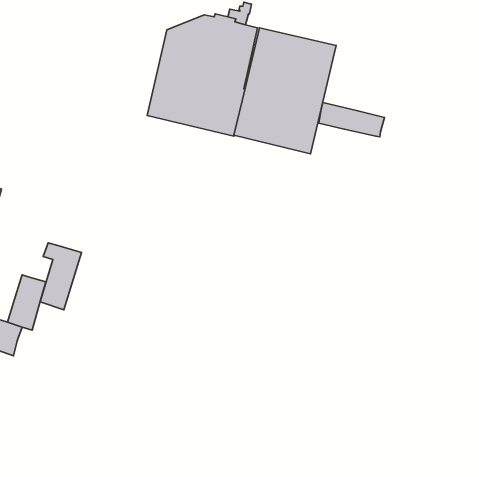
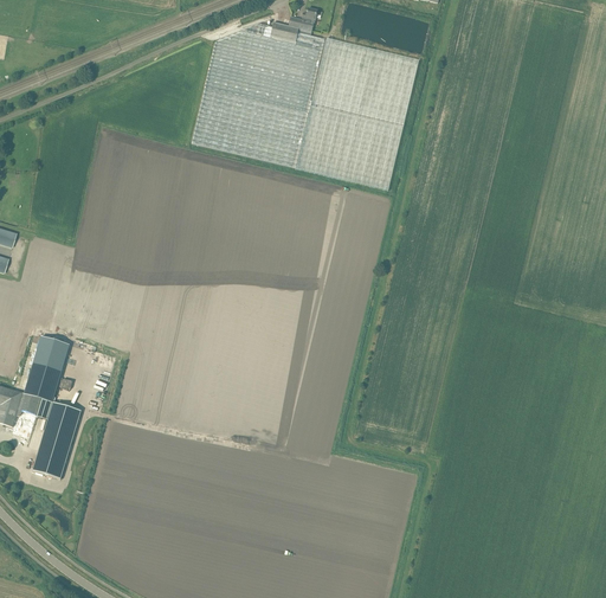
building: [319,103,384,137] -> none
building: [40,243,81,310] -> [31,398,80,478]

